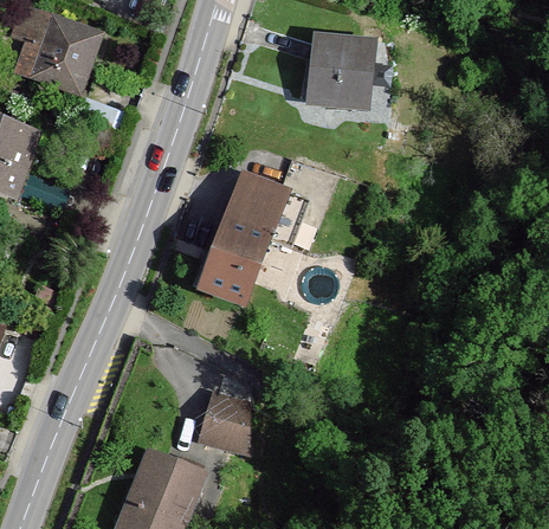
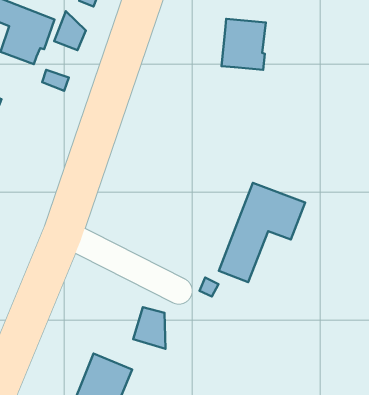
building: none -> [54,11,86,50]
building: [199,176,306,301] -> [219,183,305,282]

